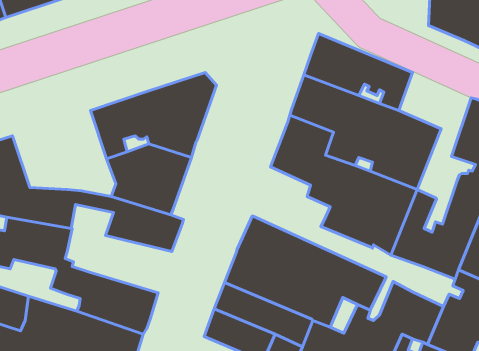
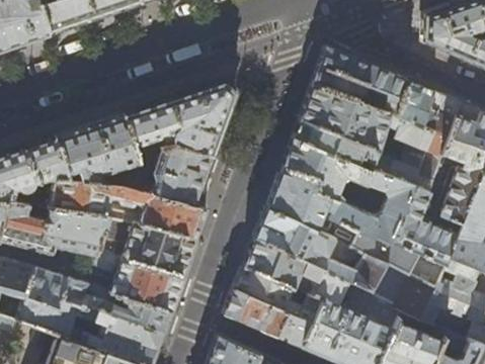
building: none -> [397,83,461,193]
building: none -> [56,116,147,192]
building: none -> [268,166,418,276]
building: none -> [104,220,196,277]

